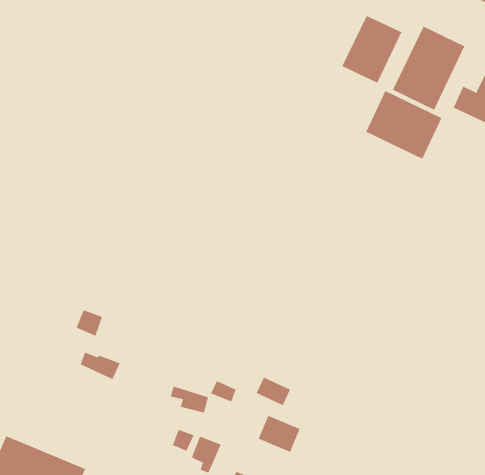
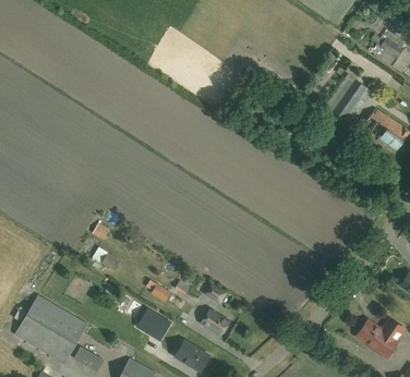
building: [342,15,402,83] -> none
building: [365,90,442,159] -> none

